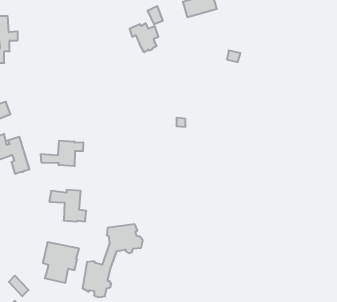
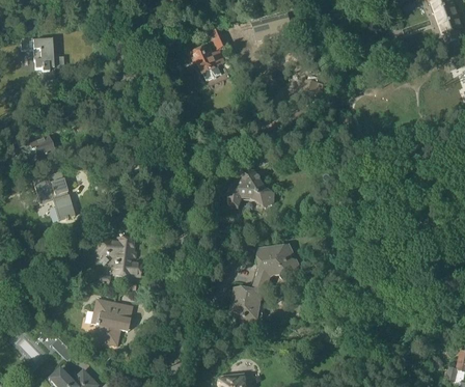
building: none -> [228,169,274,205]
building: [41,141,83,166] -> none
building: [82,224,143,297] -> [230,244,300,328]

